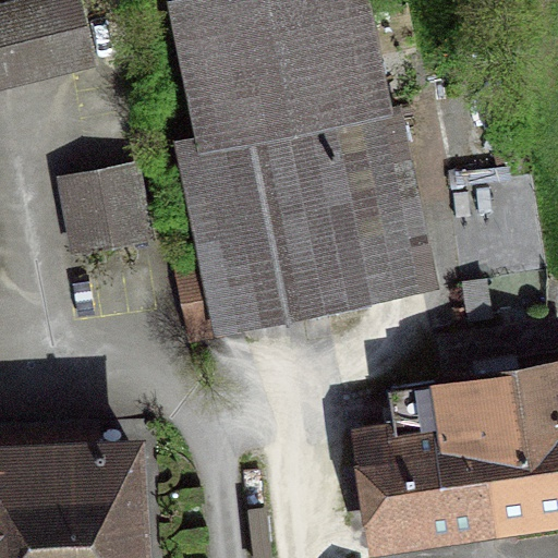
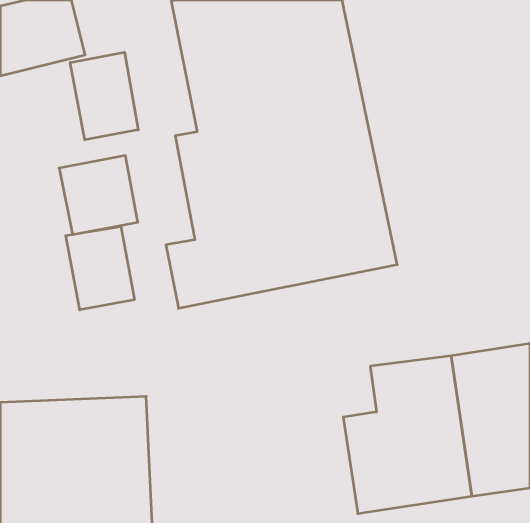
building: none -> [70,52,138,140]
building: none -> [66,226,134,310]

